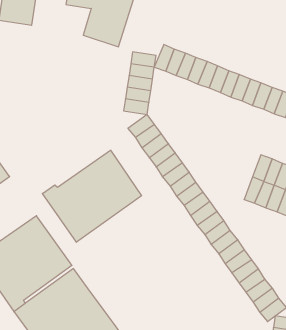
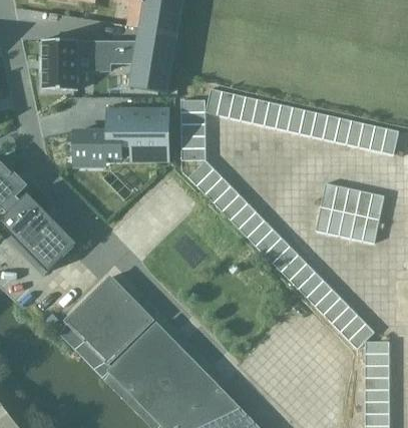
building: none -> [74,107,169,161]
building: [42,150,142,242] -> none

